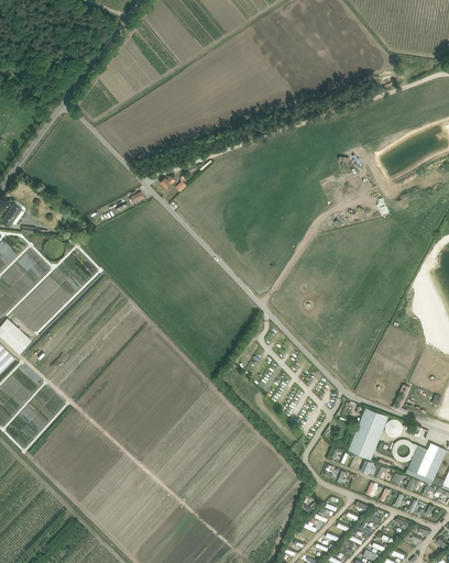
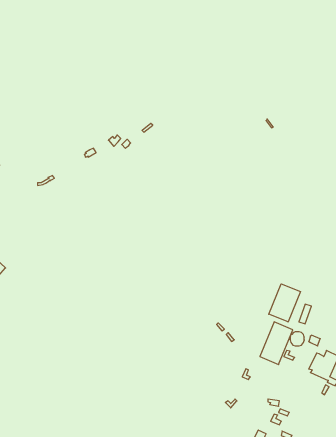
building: none -> [269,284,300,322]

